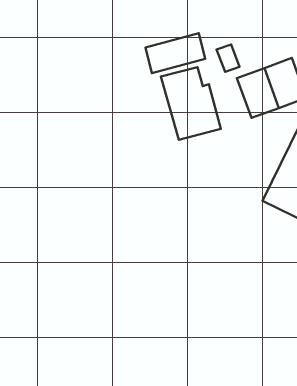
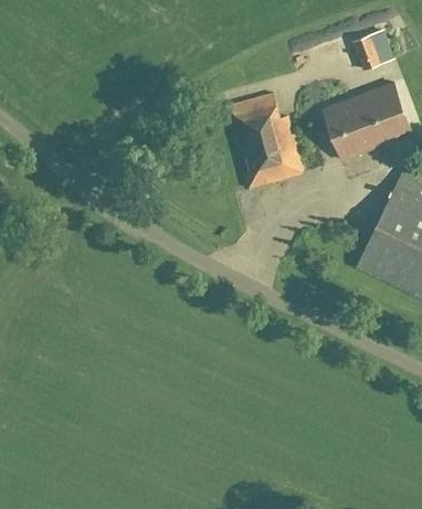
building: [145,33,205,73] -> none
building: [217,44,240,72] -> [352,34,382,70]

